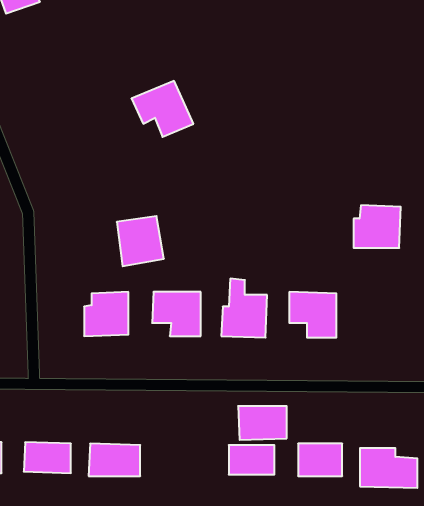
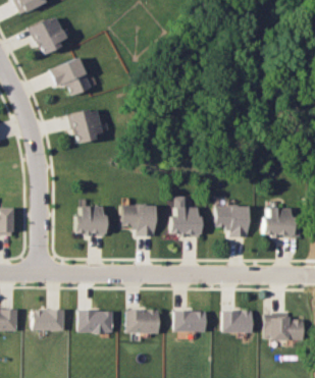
building: none -> [31,16,65,54]
building: [131,81,193,137] -> [49,57,92,96]
building: [354,205,401,248] -> [264,207,297,236]
building: [117,216,164,266] -> [70,108,103,143]
building: [238,406,287,440] -> [125,310,159,333]

